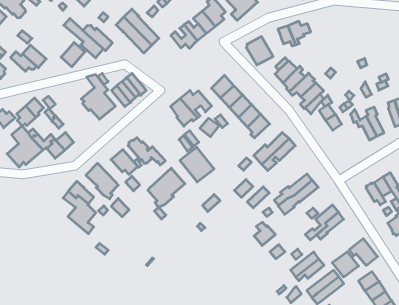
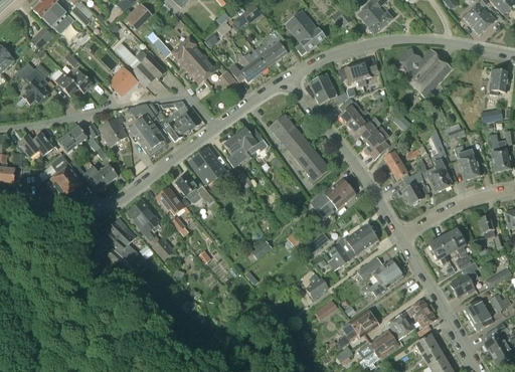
building: none -> [396,47,451,97]
building: none -> [99,116,128,146]
building: none -> [402,171,422,204]
building: [180,147,214,182] -> [189,147,225,184]
building: [148,168,185,207] -> none

